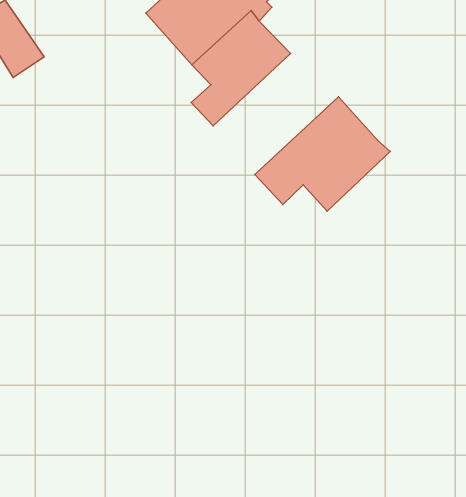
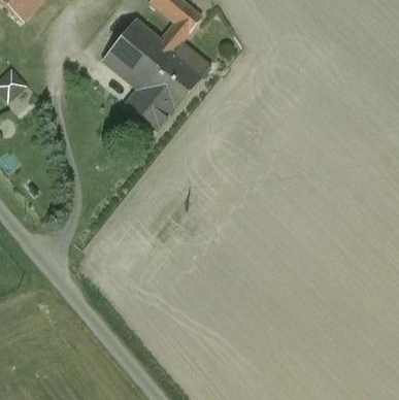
building: [255,97,390,211] -> none

